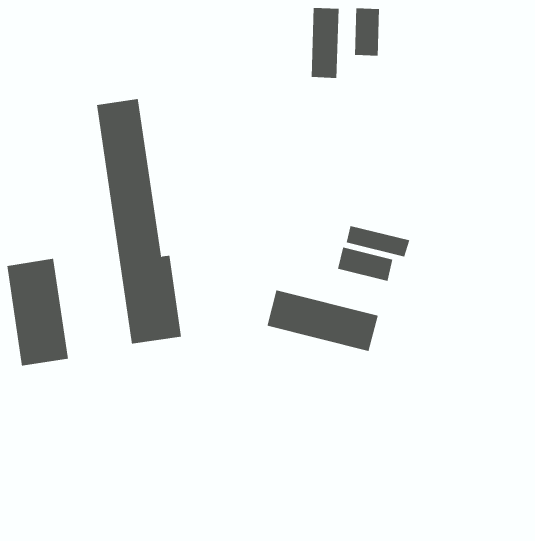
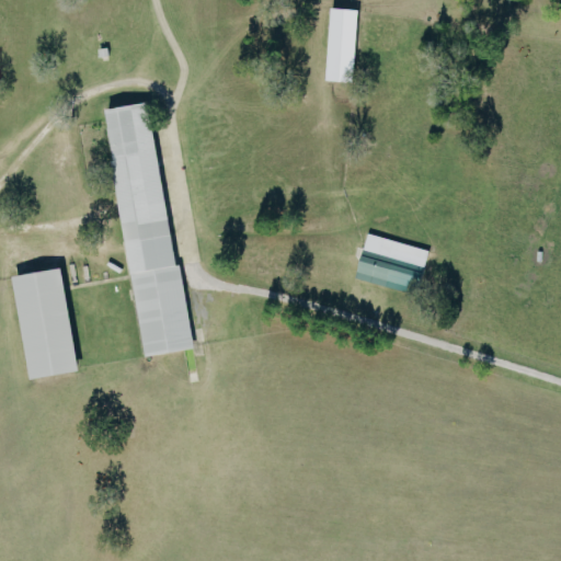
building: [354,7,380,57] -> none
building: [267,290,379,352] -> none

